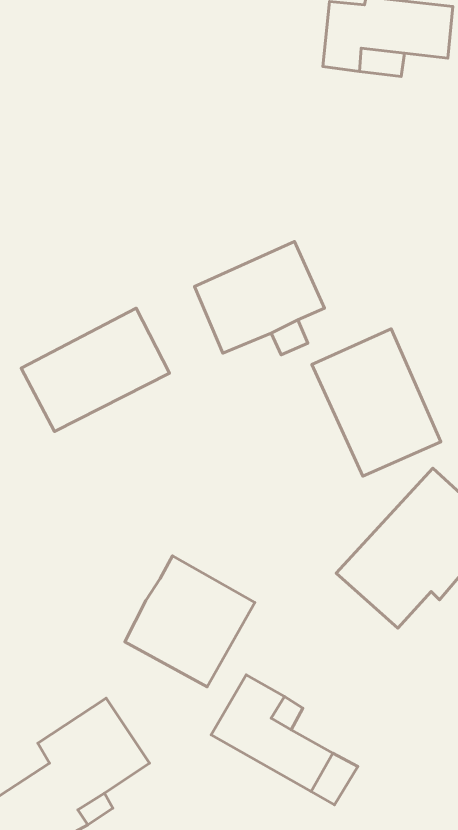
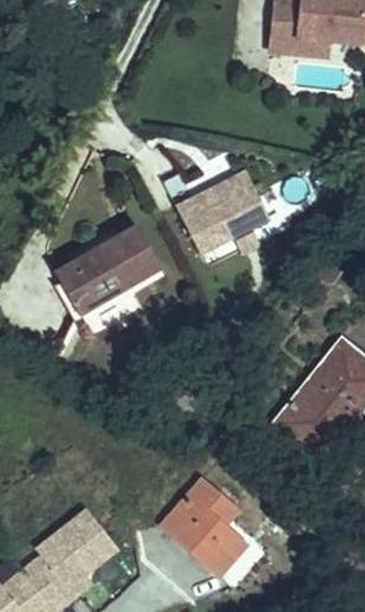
building: [312,329,441,476] -> none
building: [125,556,255,687] -> none

